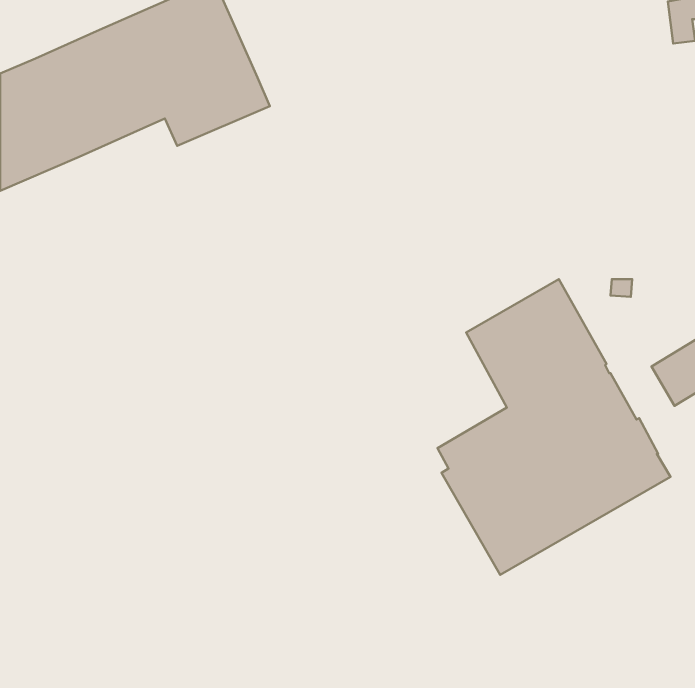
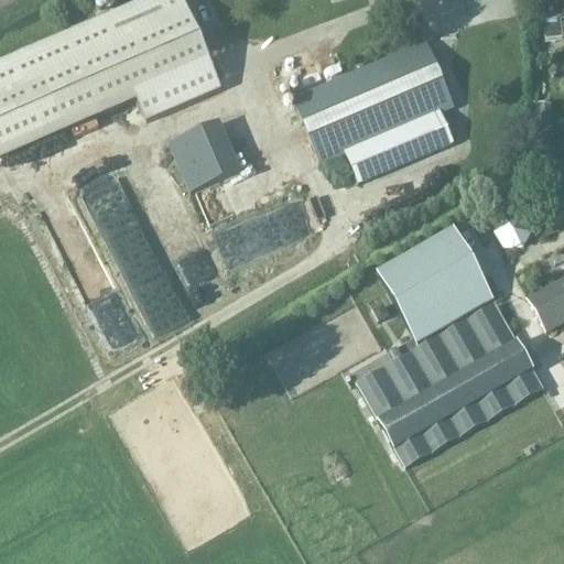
building: none -> [292,36,455,182]
building: none -> [169,119,241,192]

